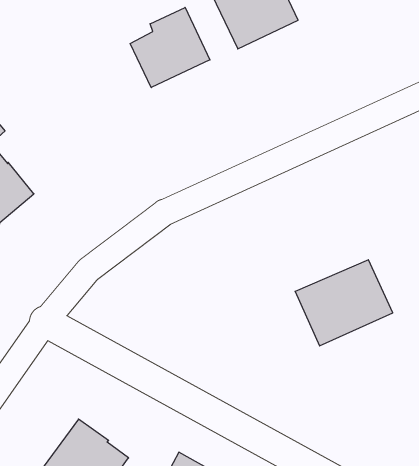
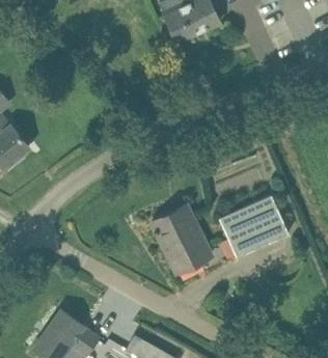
building: [130,7,210,88] -> none
building: none -> [151,204,212,272]

